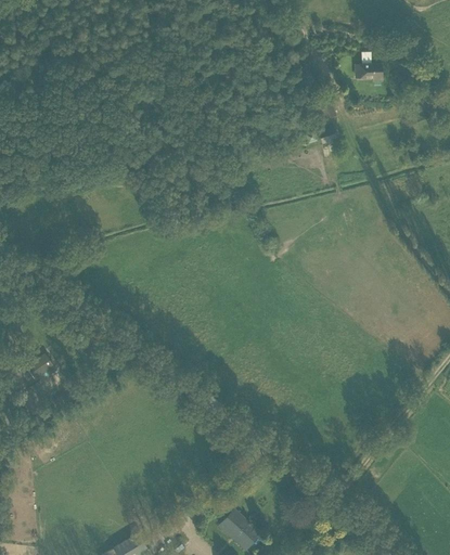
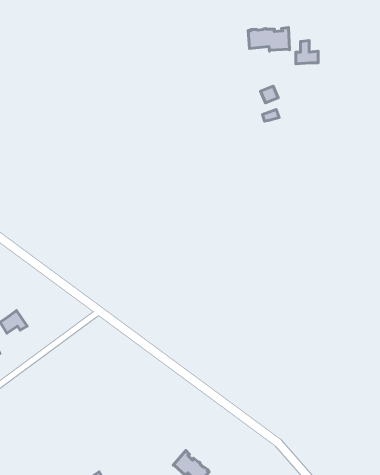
building: none -> [248,28,290,51]

